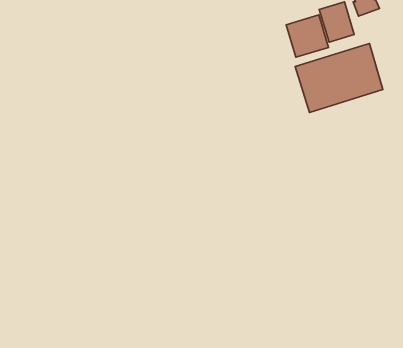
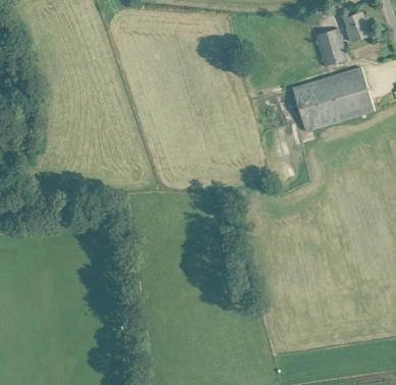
building: [286,15,328,57] -> none

